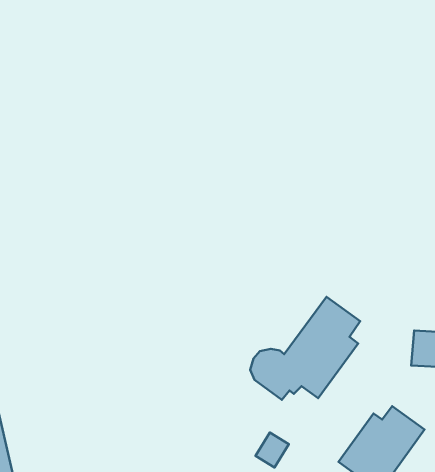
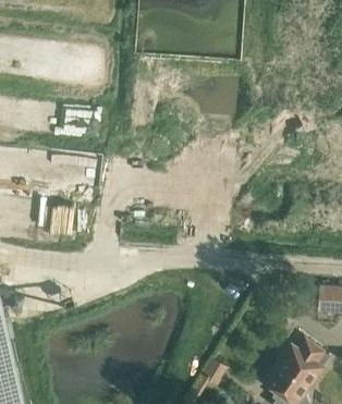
building: [250,297,360,400] -> none

